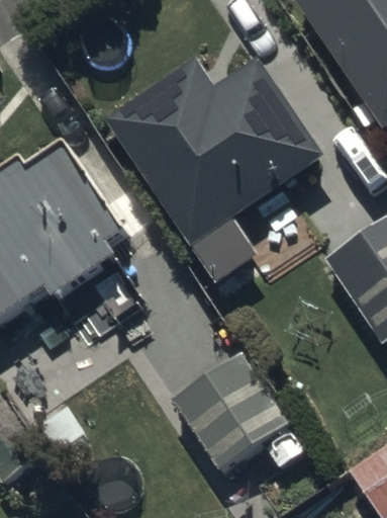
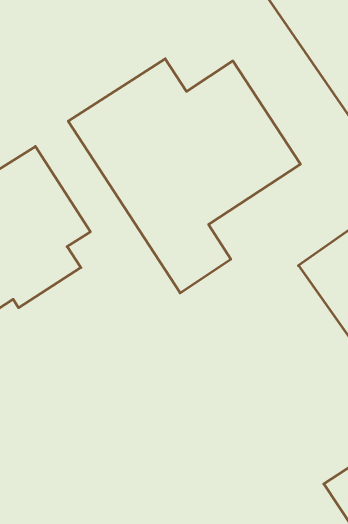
building: [174,355,303,469] -> none

